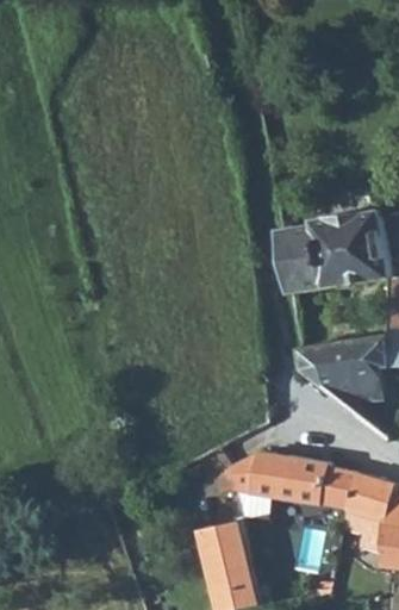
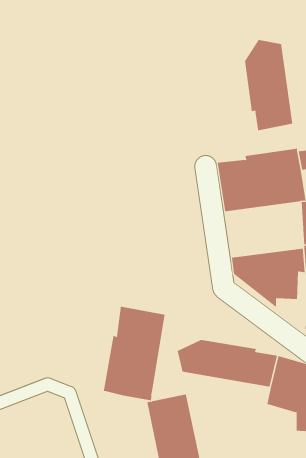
building: none -> [244,39,293,131]
building: none -> [103,306,165,401]

